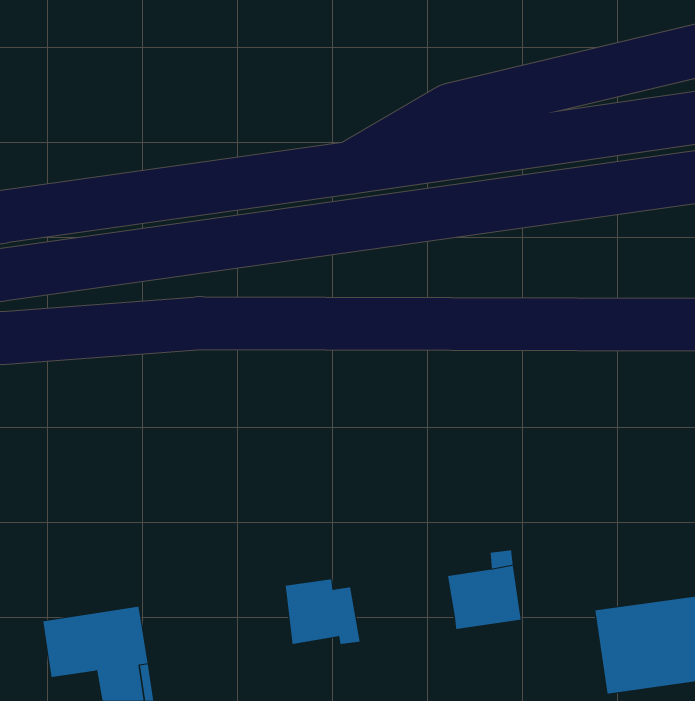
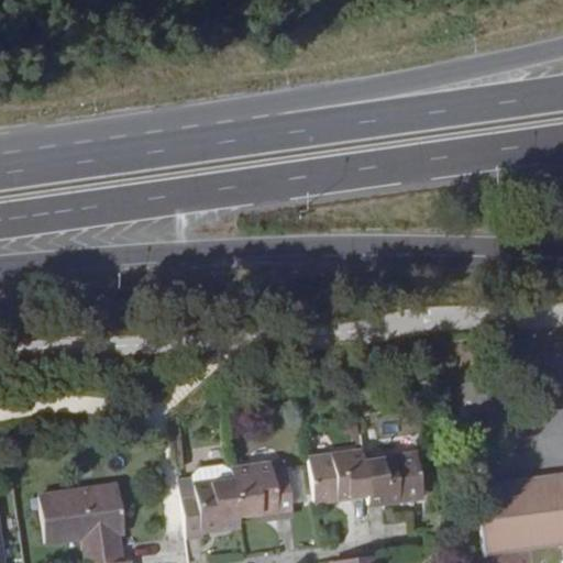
building: none -> [309,450,369,500]
building: none -> [181,477,241,539]

